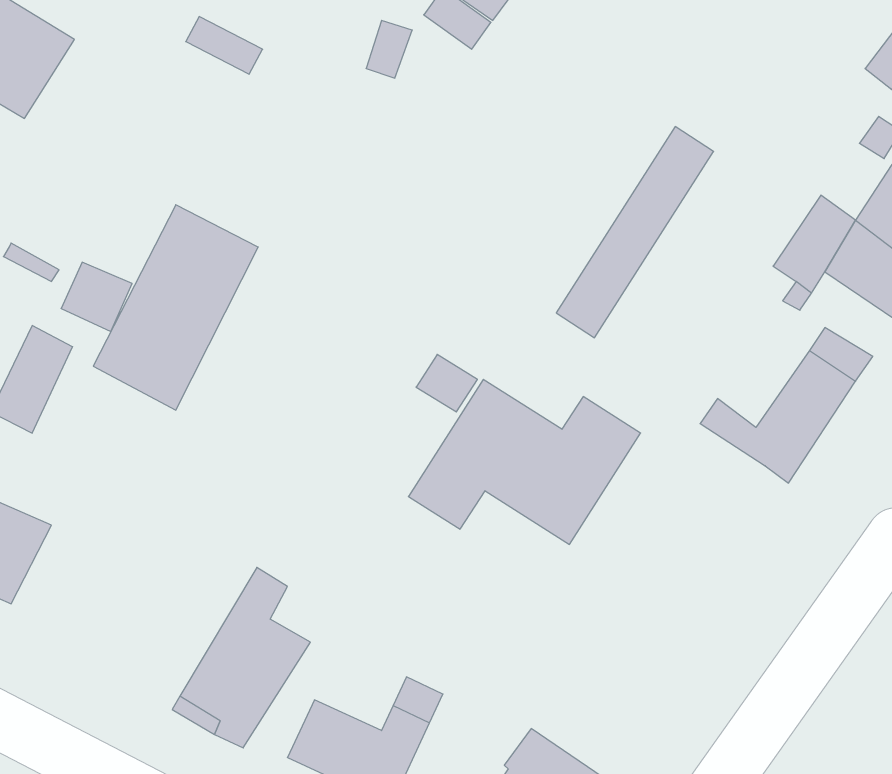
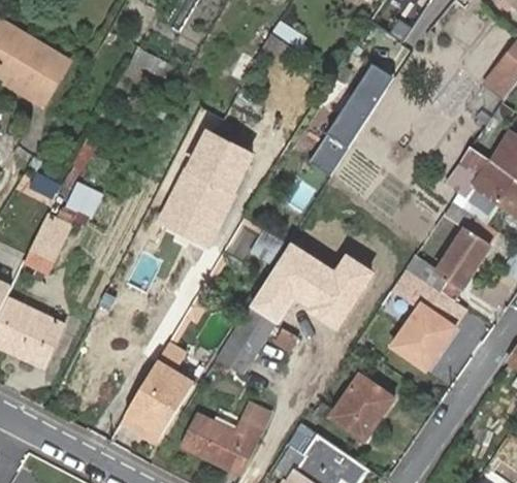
building: [556,127,714,338] -> [308,63,392,176]
building: [93,205,258,410] -> [162,133,251,244]
building: none -> [391,267,455,368]
building: none -> [218,307,261,373]
building: none -> [332,375,392,440]

